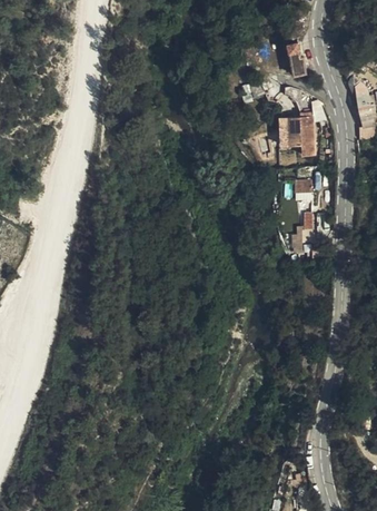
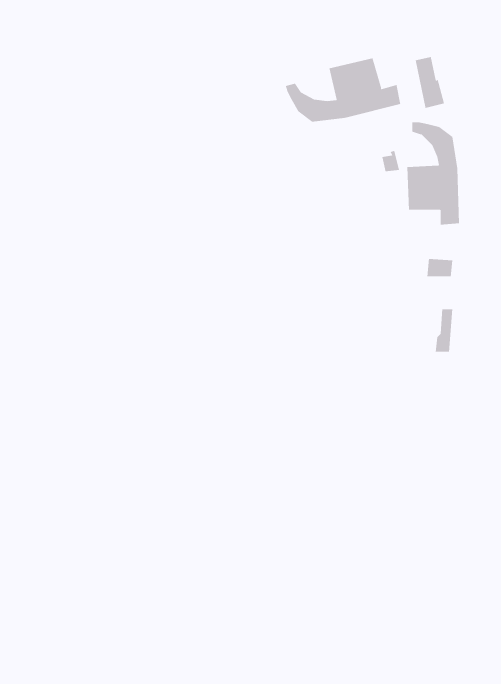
building: none -> [285,57,401,122]

